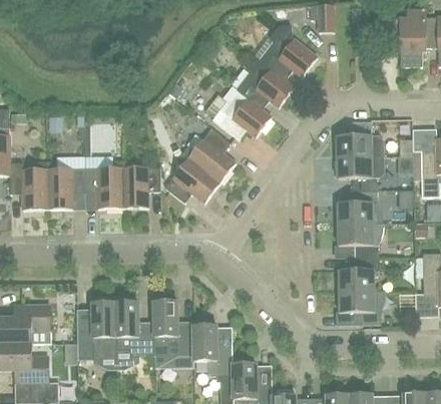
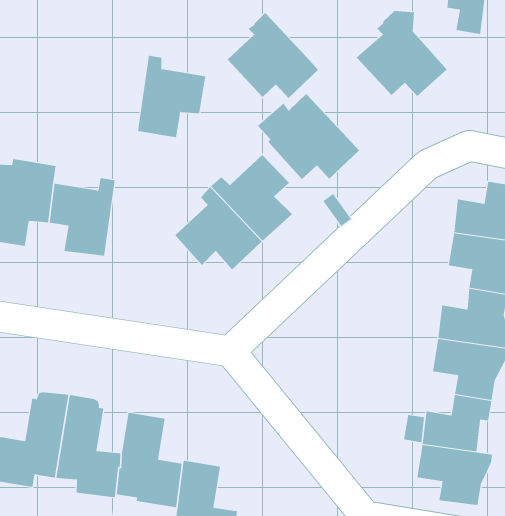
building: [236,56,294,109] -> [227,12,319,99]
building: [122,159,160,208] -> [137,55,206,138]

